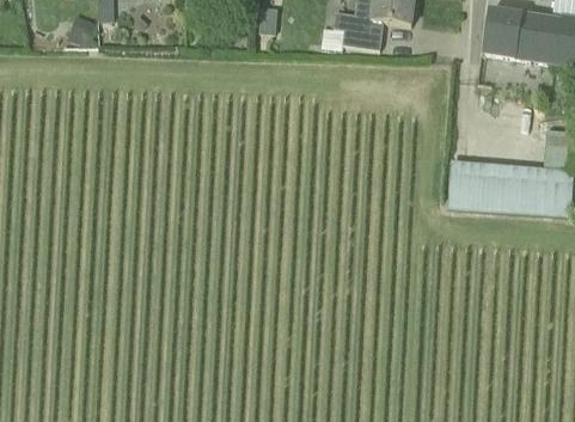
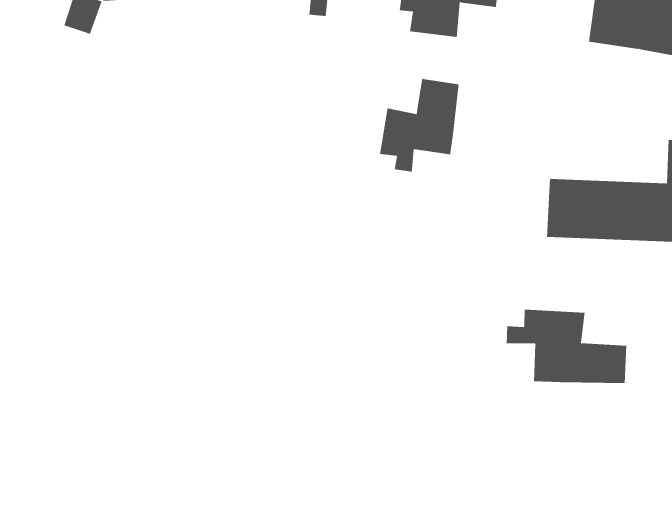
building: none -> [380,78,459,172]
building: none -> [506,309,627,384]

